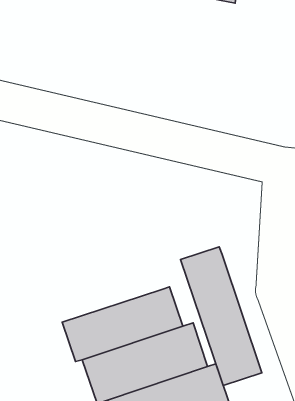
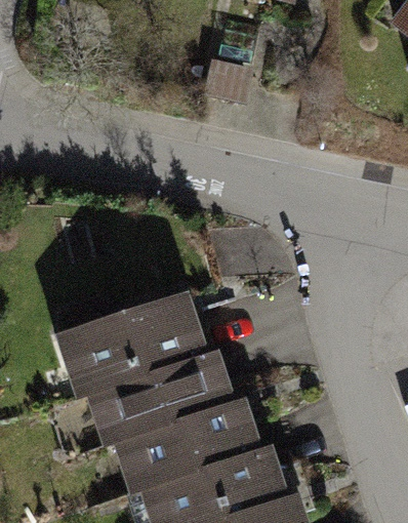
building: none -> [55,292,209,399]
building: [181,247,262,385] -> none

